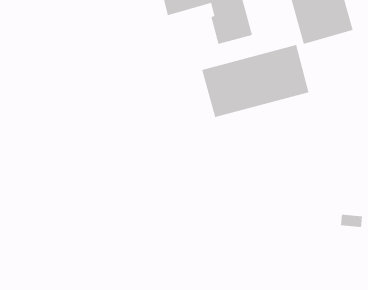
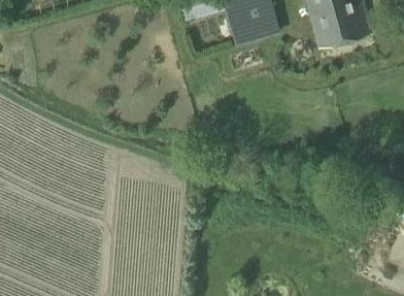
building: [201,44,309,118] -> none

